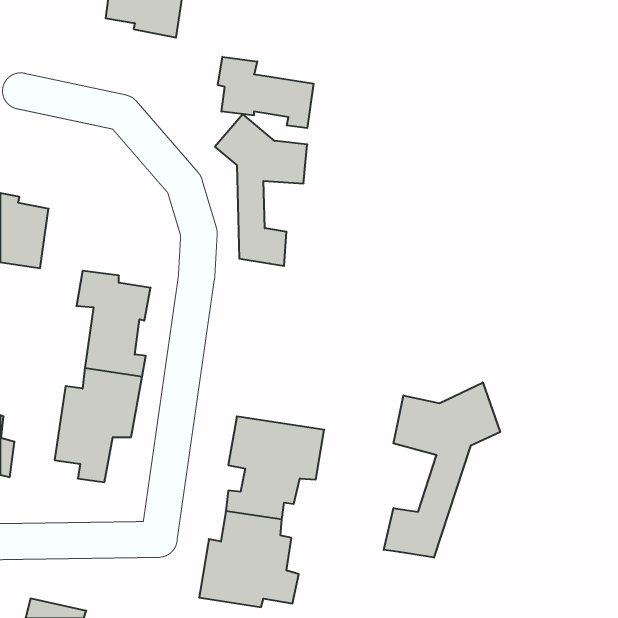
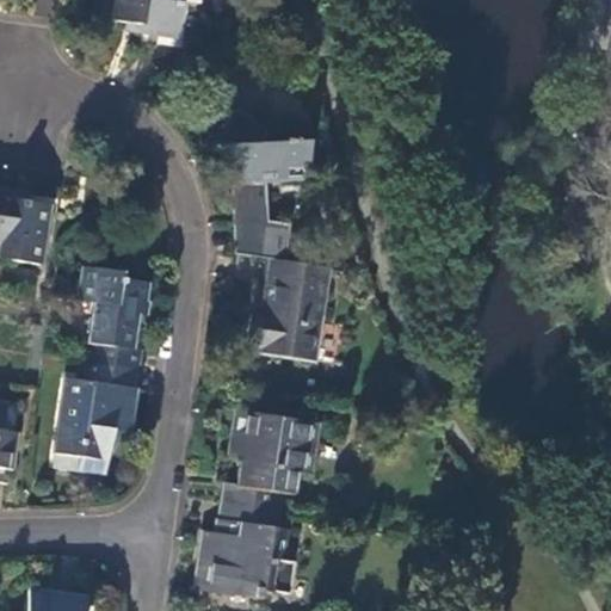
building: [218,57,314,128] -> none
building: none -> [252,259,331,360]
building: [384,382,500,558] -> none

